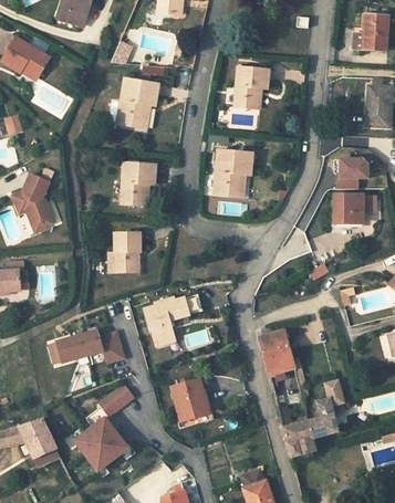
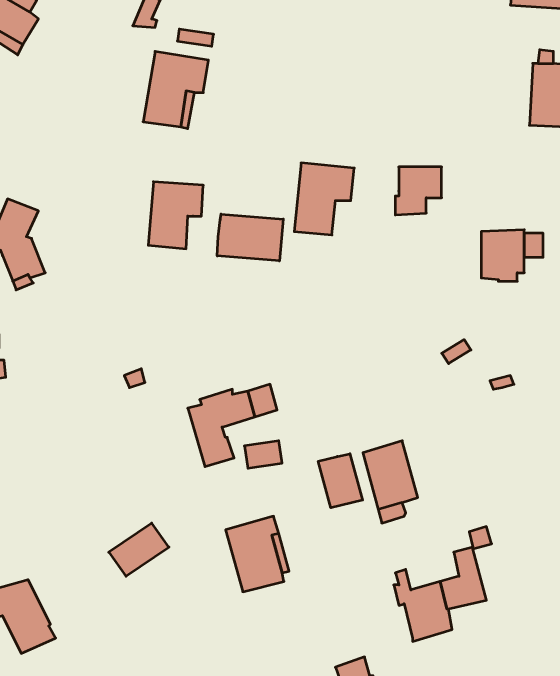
building: [233,67,268,108] -> none
building: [337,158,367,189] -> [395,167,442,215]
building: none -> [217,214,283,261]
building: [113,233,139,272] -> none
building: [55,329,123,363] -> none
building: none -> [318,454,363,508]
building: [65,416,126,474] -> none

